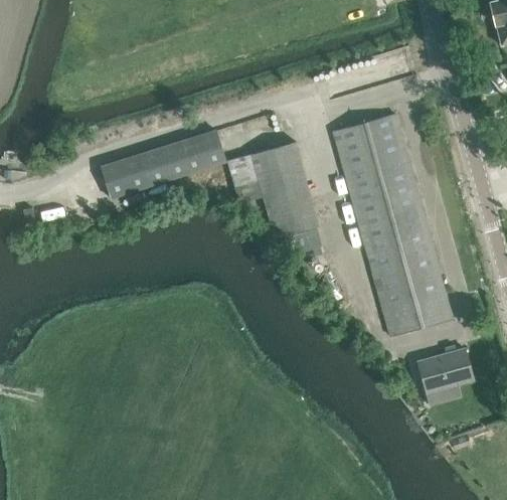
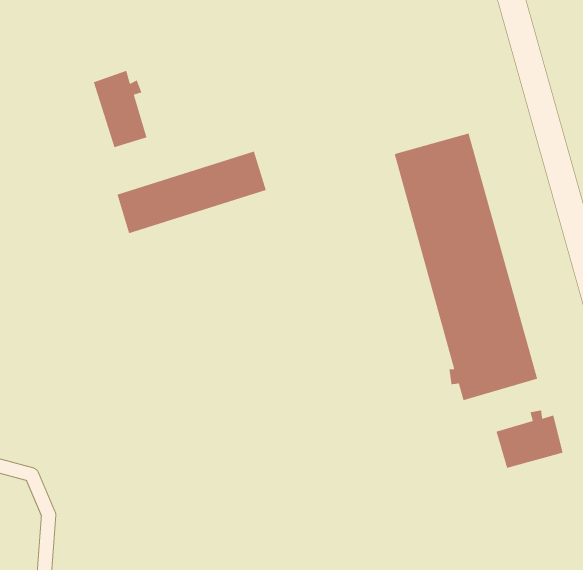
building: none -> [93,70,148,148]
building: [231,142,323,260] -> none

